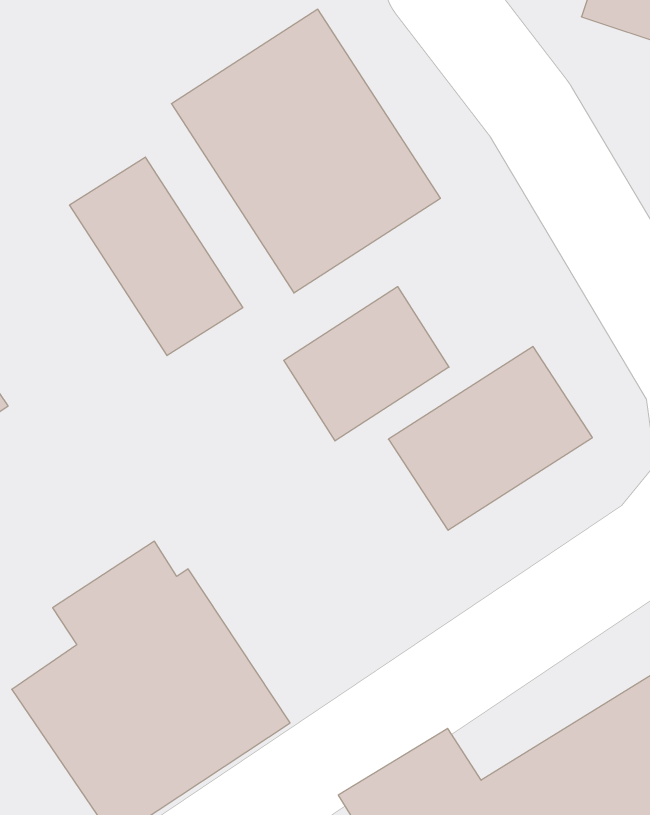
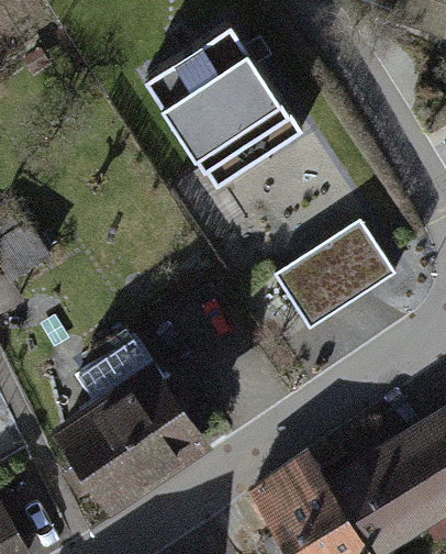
building: [70,157,243,356] -> none
building: [284,287,449,441] -> none

